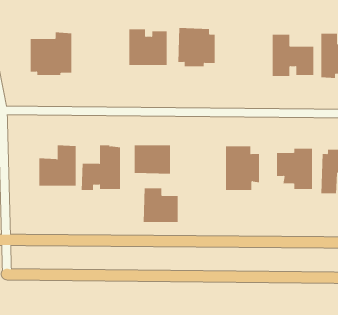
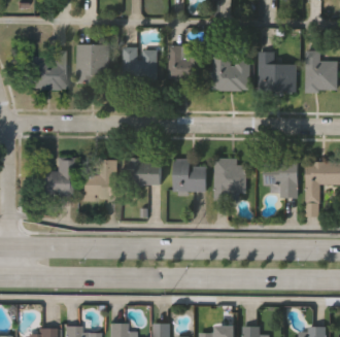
building: none -> [76,43,111,83]
building: none -> [212,46,252,91]
building: [143,188,179,222] -> [172,159,206,192]

